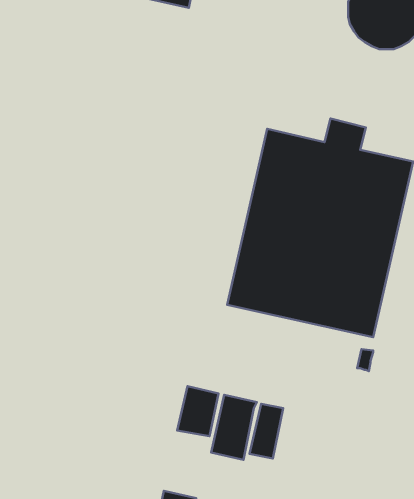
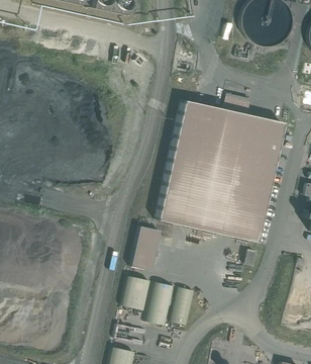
building: none -> [132,226,162,271]

